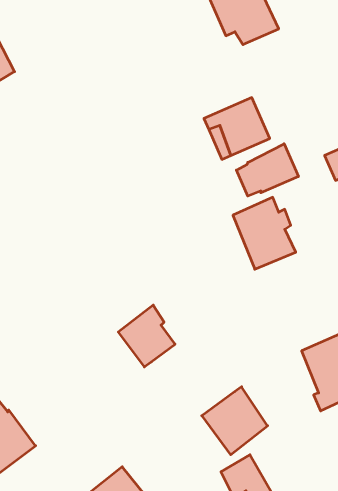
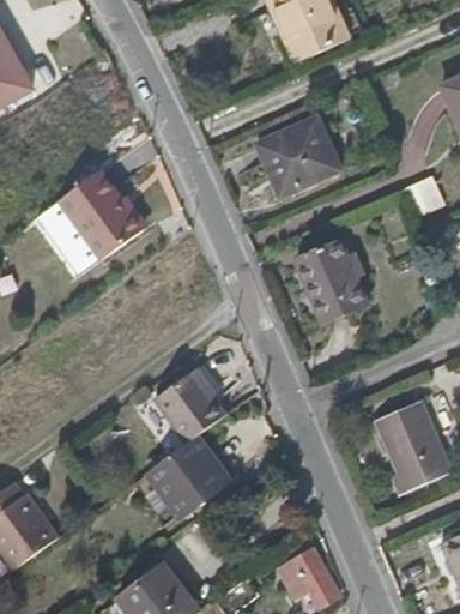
building: none -> [40,169,146,275]
building: [236,144,298,196] -> none
building: [202,387,268,455] -> [147,437,226,518]

